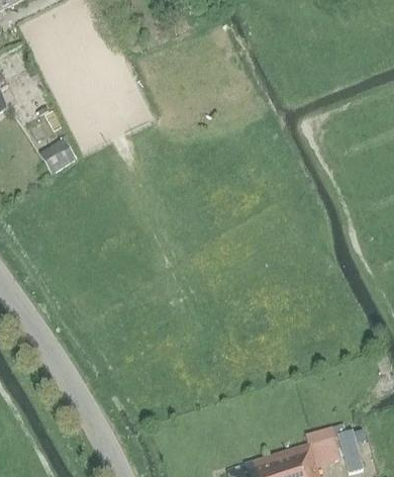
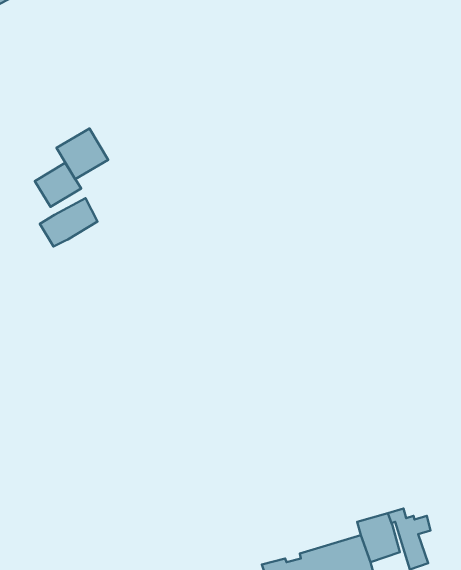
building: none -> [56,129,108,179]
building: none -> [40,198,97,247]

